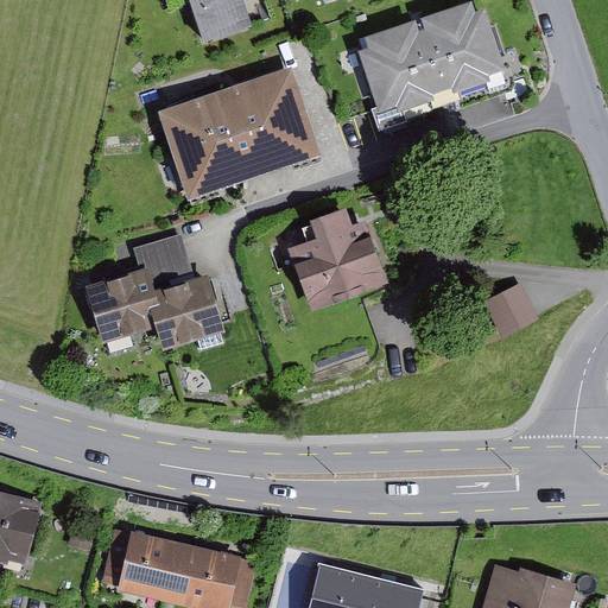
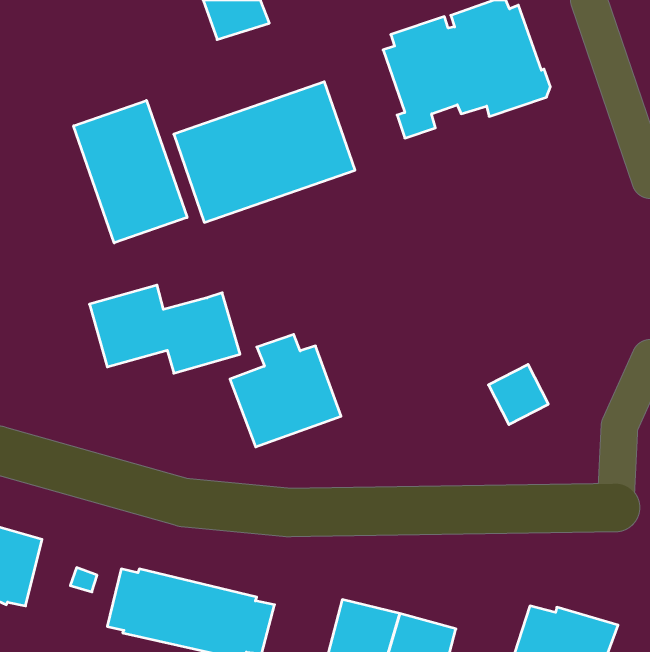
building: none -> [74,100,187,243]
building: [285,205,388,310] -> [230,334,341,447]
building: [132,234,192,289] -> none
building: [481,283,537,338] -> [488,364,548,425]

